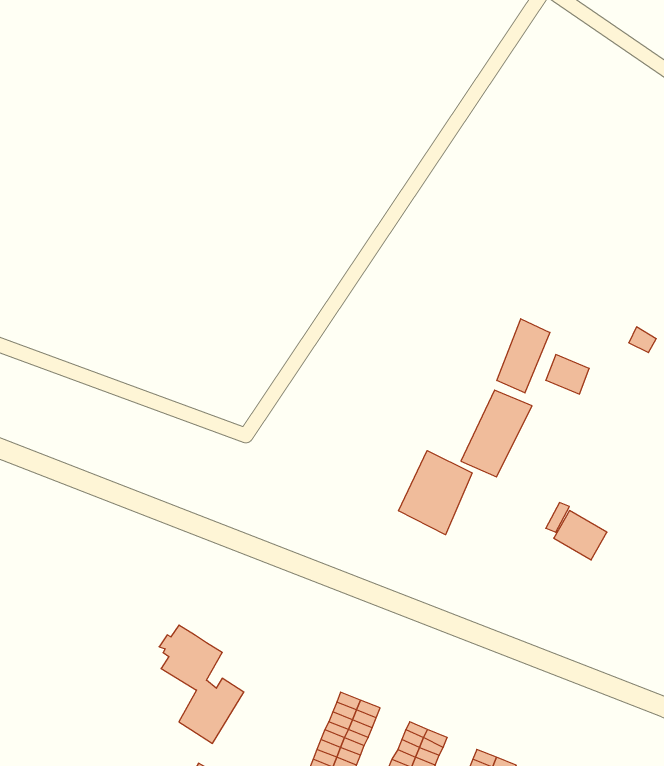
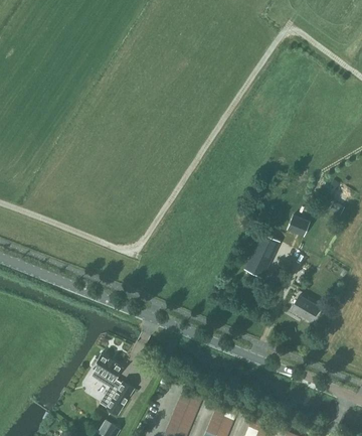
building: [497,319,550,393] -> none
building: [399,451,472,535] -> none

